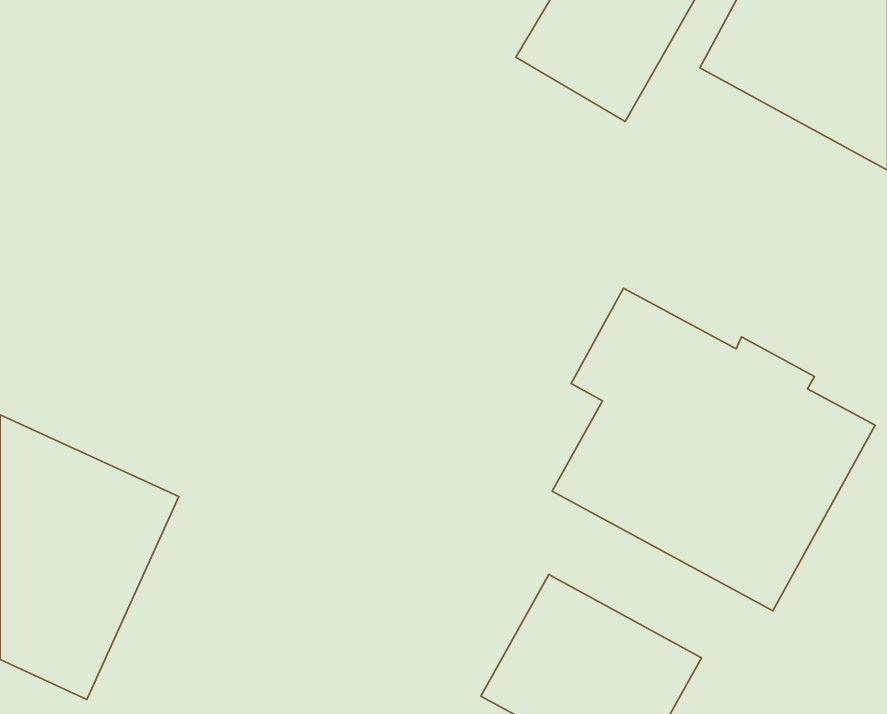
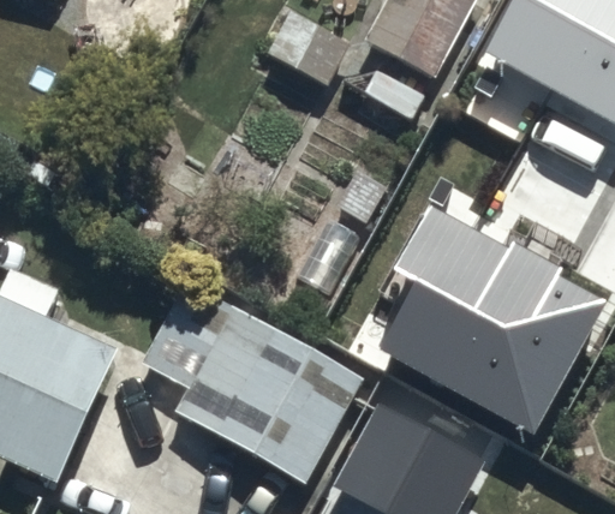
building: none -> [144,283,363,483]

